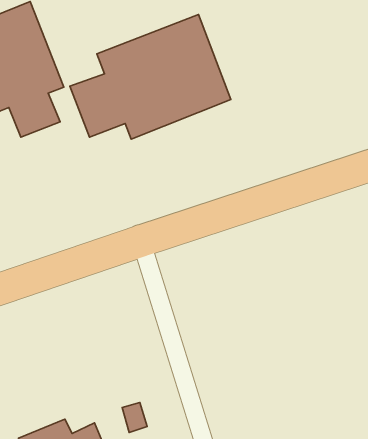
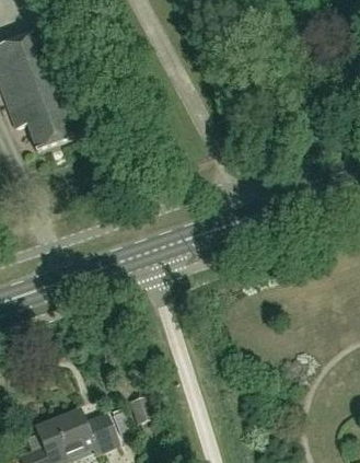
building: [70,14,231,139] -> none

